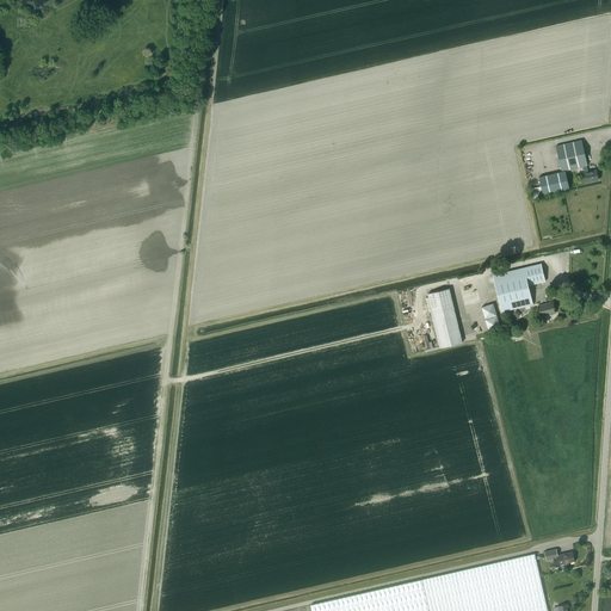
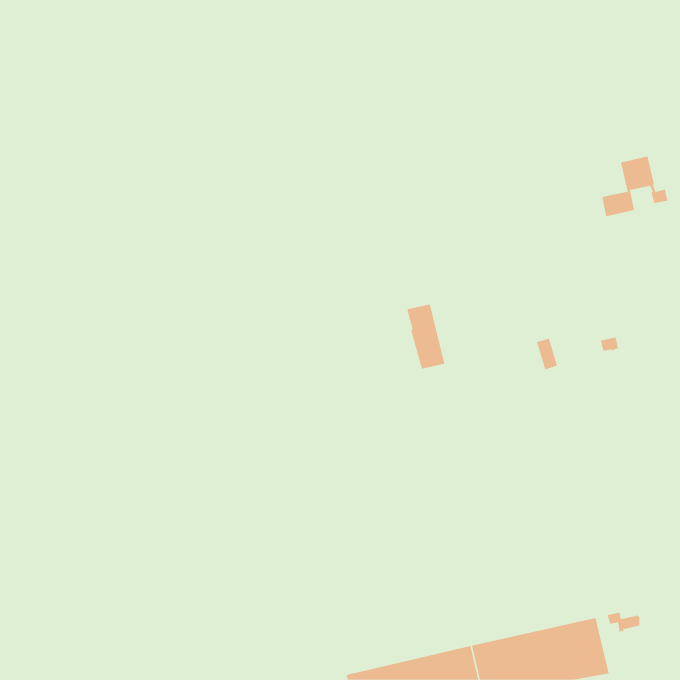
building: [493,264,545,311] -> none
building: [427,289,462,347] -> [407,304,445,369]

